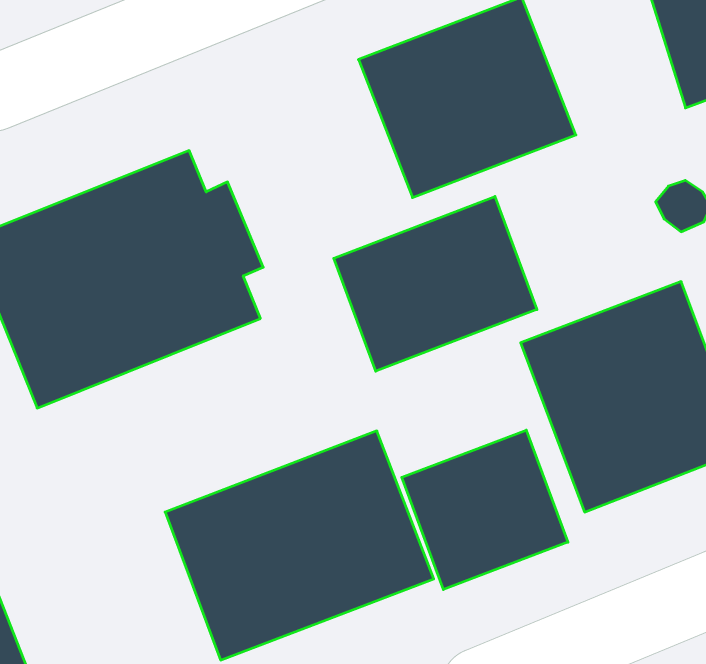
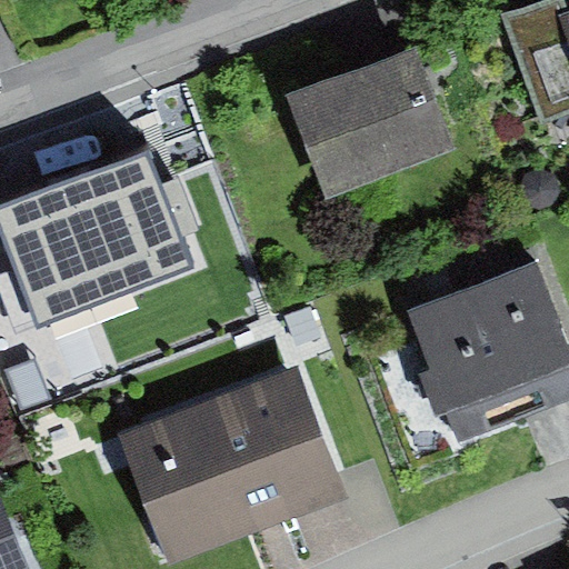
building: [334,196,537,371] -> none
building: [402,430,568,590] -> none

